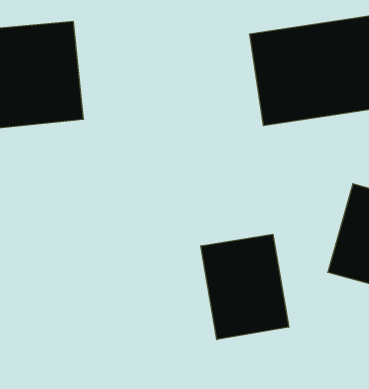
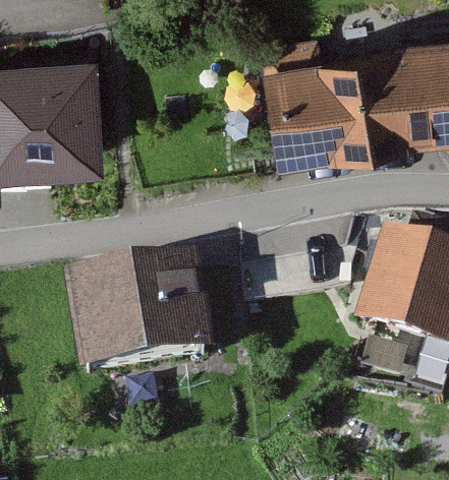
building: none -> [70,247,214,371]
building: [201,234,289,340] -> none

